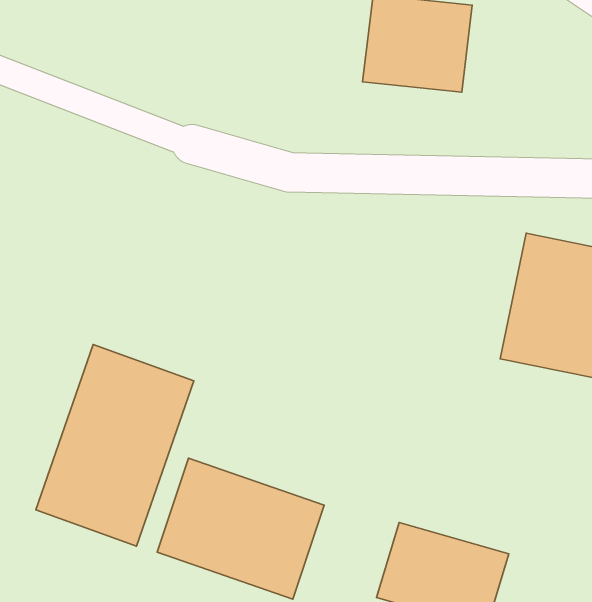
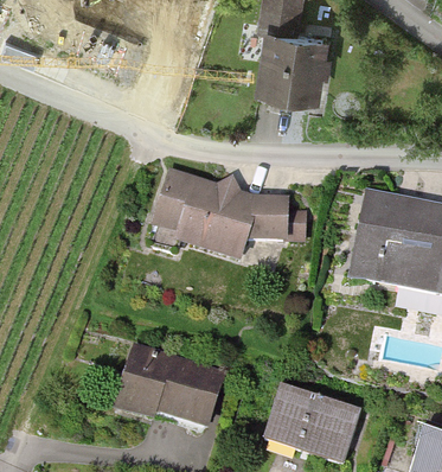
building: none -> [149,167,306,262]
building: [36,345,194,546] -> none

